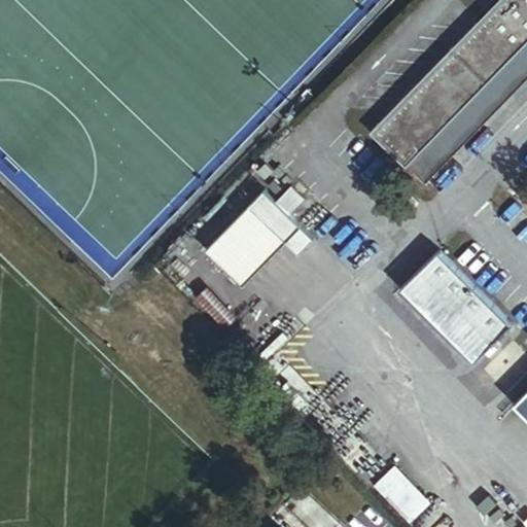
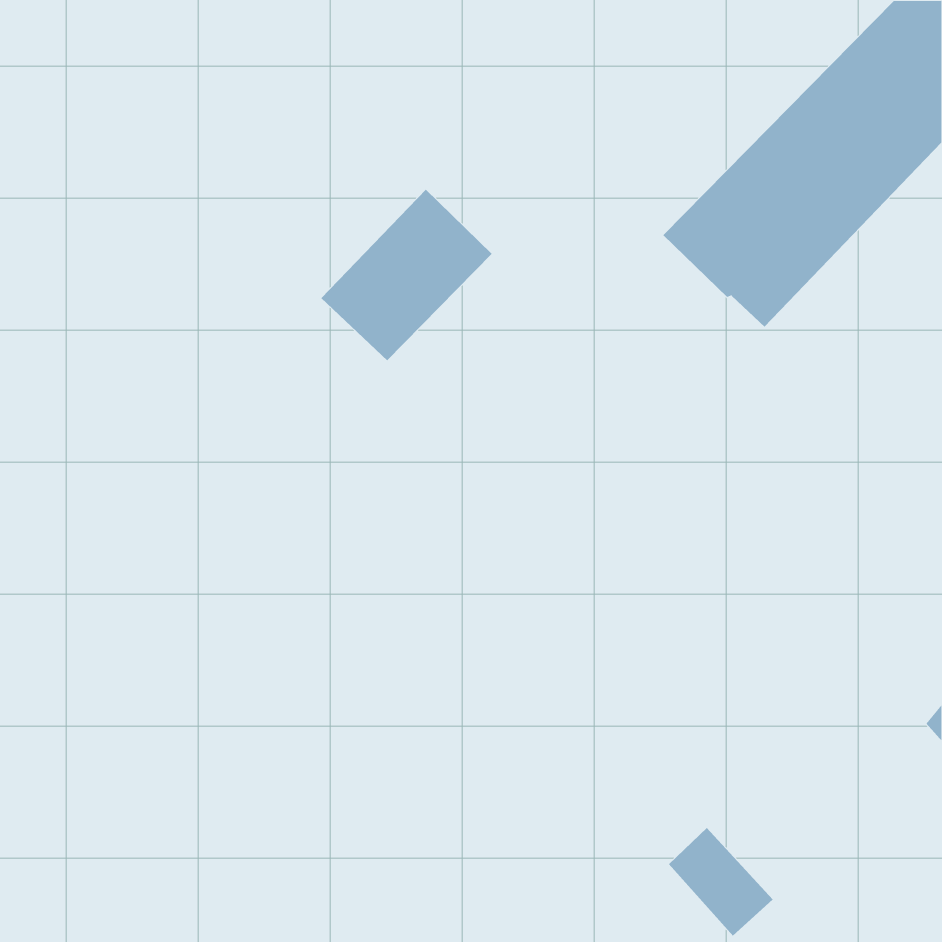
building: [205,190,301,286] -> [320,189,492,361]
building: [398,251,512,363] -> none

